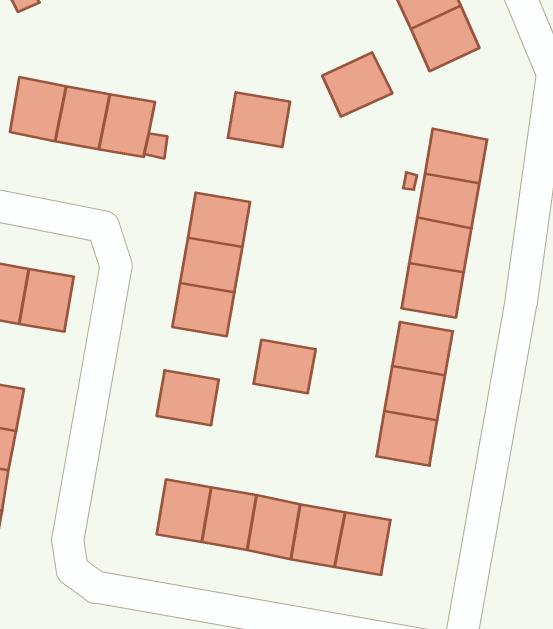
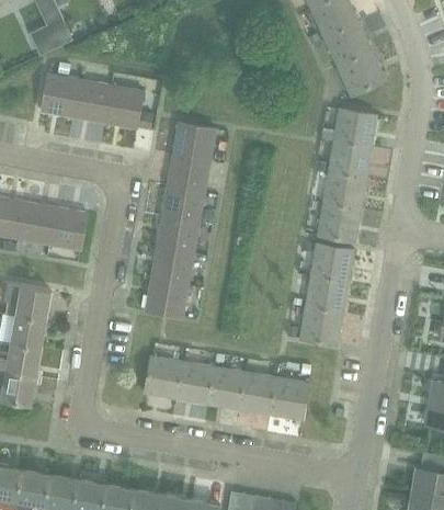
building: [322,52,392,116] -> [337,52,386,97]
building: [228,92,290,147] -> [172,122,216,160]
building: [253,340,316,393] -> [150,248,194,285]

